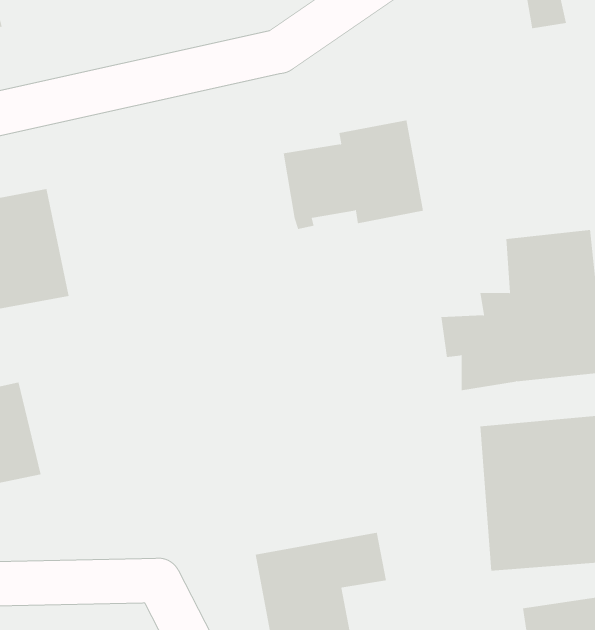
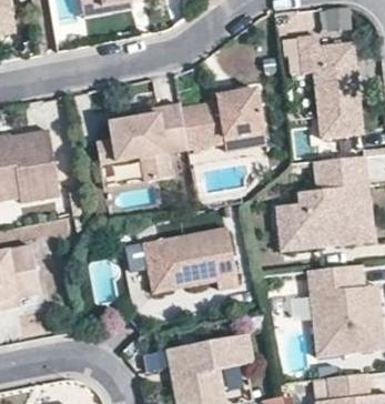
building: none -> [300,34,363,139]
building: none -> [98,104,189,182]
building: none -> [143,226,239,293]

